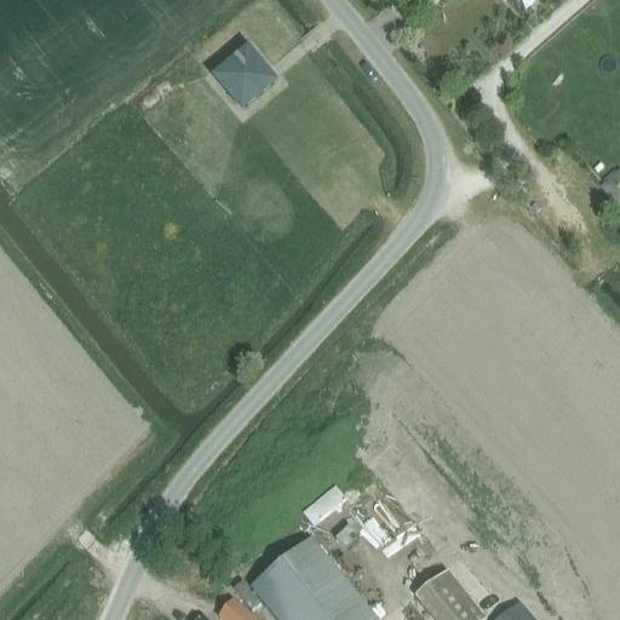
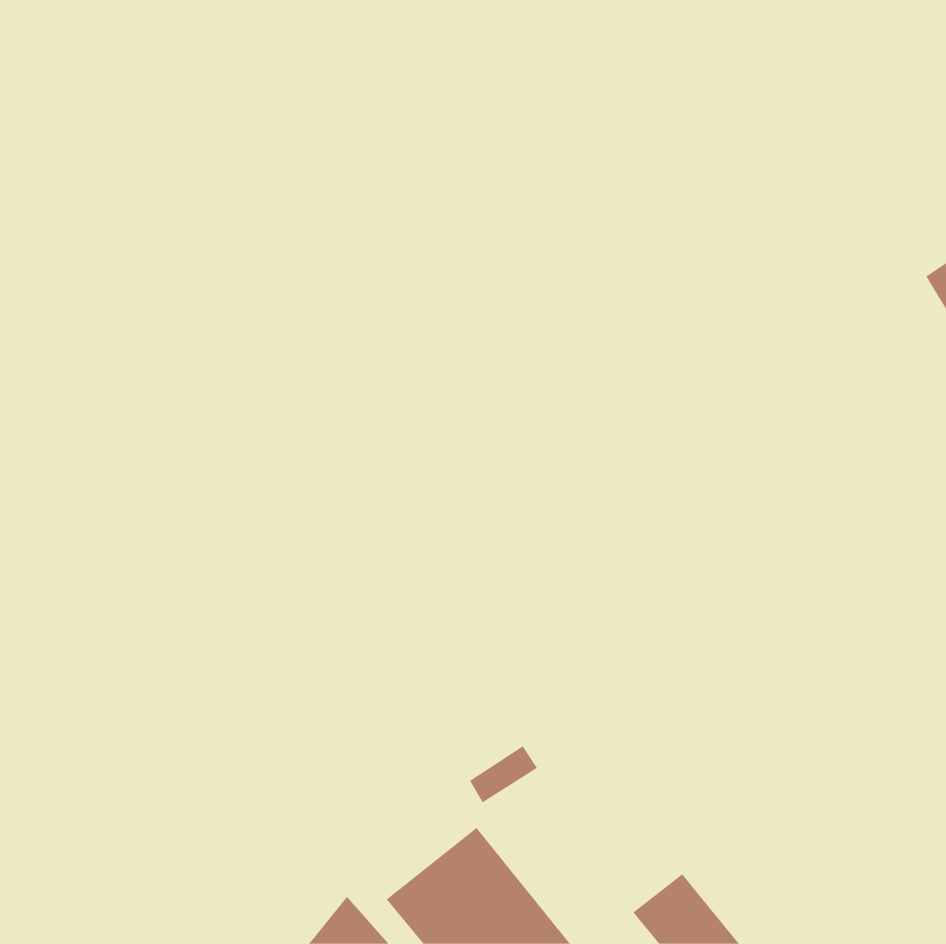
building: [218,51,276,109] -> none

